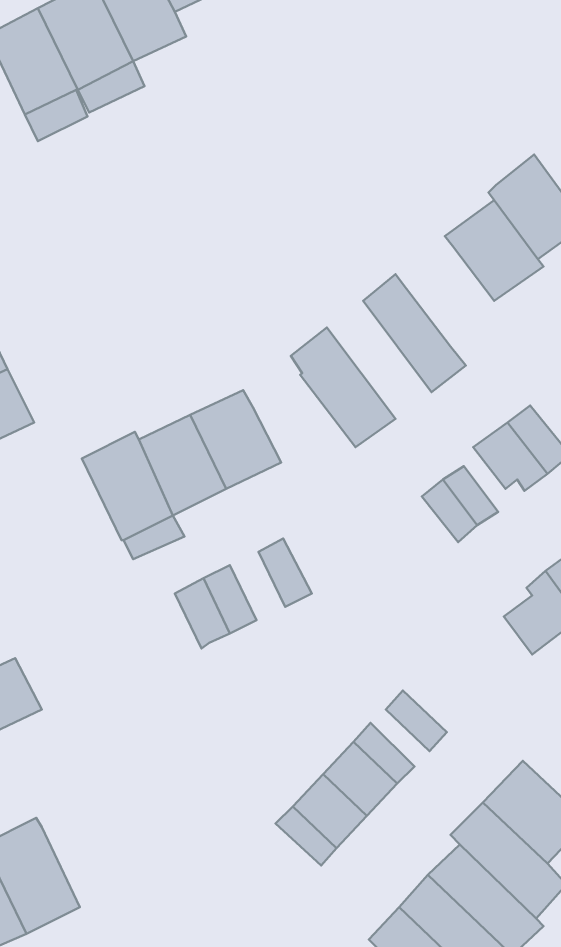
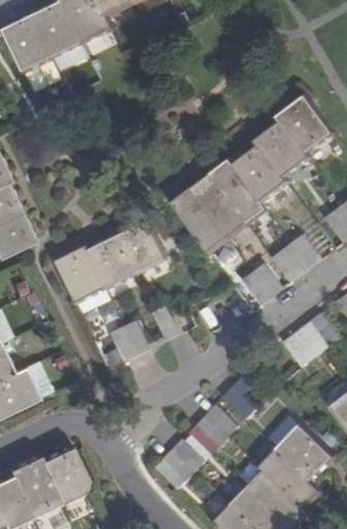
building: none -> [230,145,284,199]
building: none -> [190,175,247,239]
building: none -> [35,446,85,504]

